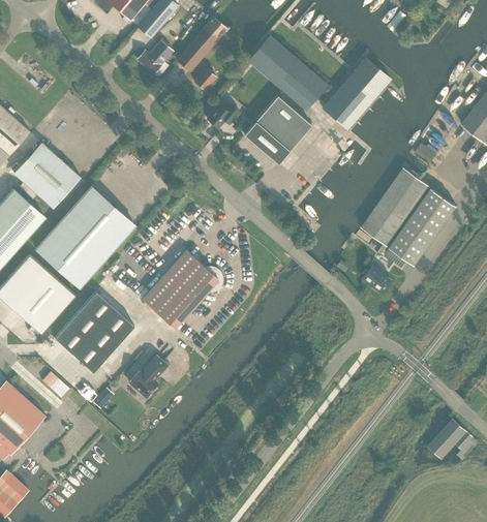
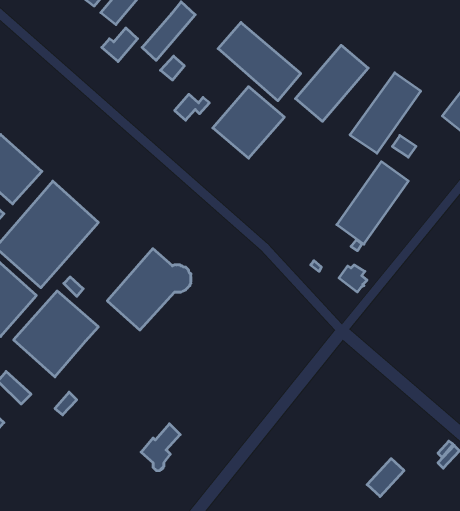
building: [389,188,456,265] -> [350,73,421,153]
building: [129,355,166,399] -> [141,424,180,471]
building: [431,420,466,456] -> [367,459,404,497]

